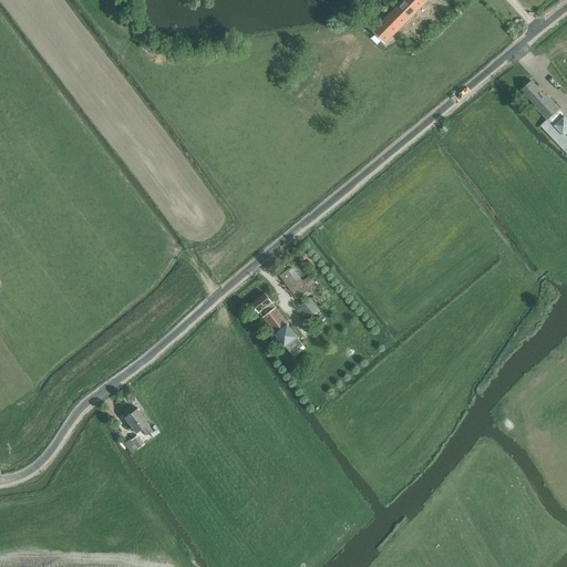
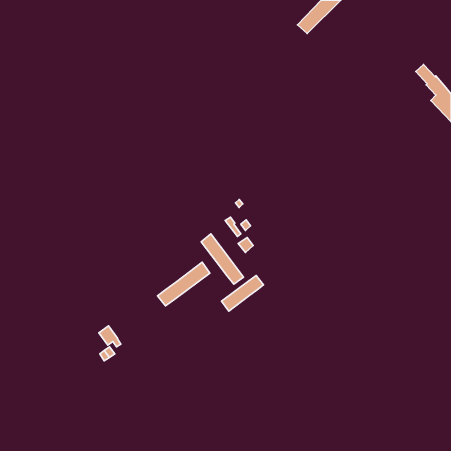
building: none -> [158,262,210,306]
building: none -> [222,275,264,311]

